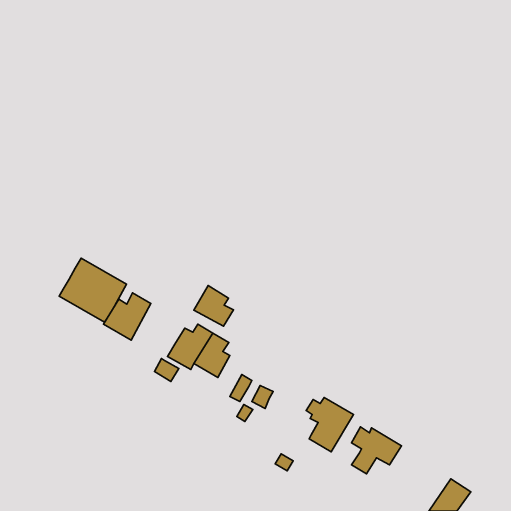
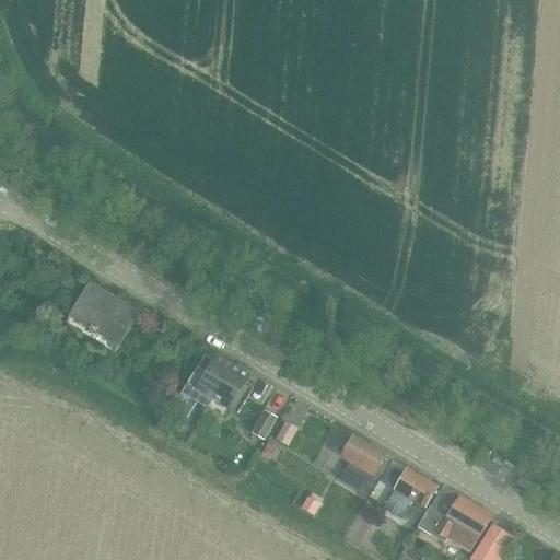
building: [194,285,233,326] -> none
building: [103,293,151,340] -> none
building: none -> [417,494,491,551]

